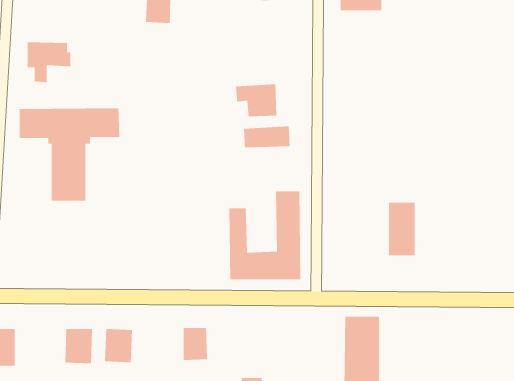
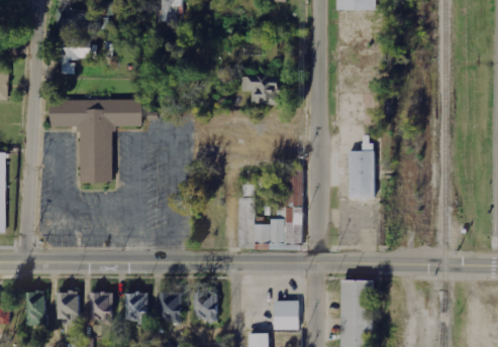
building: [243,126,290,148] -> none
building: [388,202,415,256] -> [347,151,372,199]
building: none -> [59,291,83,325]
building: none -> [162,292,184,321]
building: none -> [272,300,296,328]

